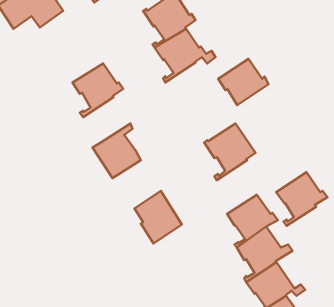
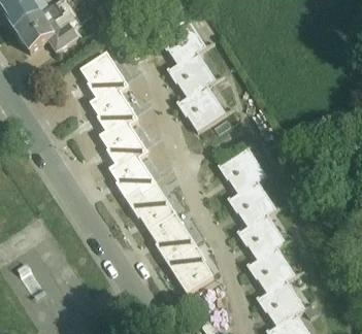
building: none -> [75,44,132,104]
building: [218,59,269,105] -> [177,85,227,130]
building: none -> [97,119,143,163]
building: none -> [126,180,173,228]
building: [276,172,328,226] -> [228,180,278,233]
building: none -> [166,243,211,291]

